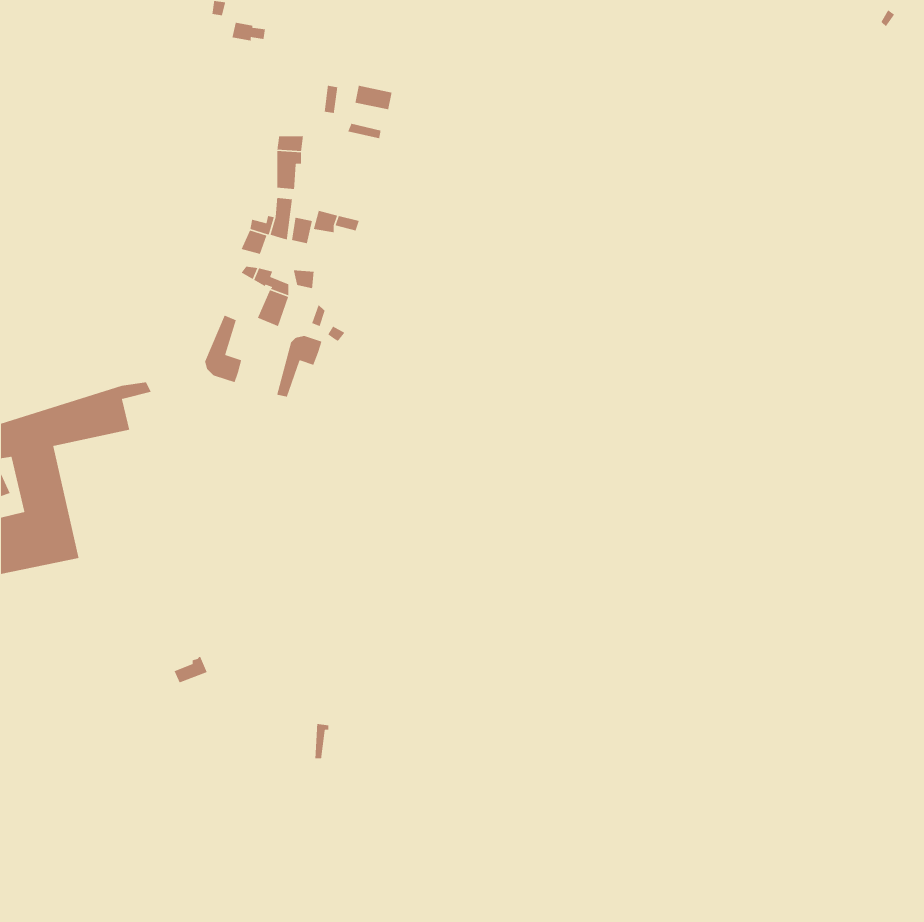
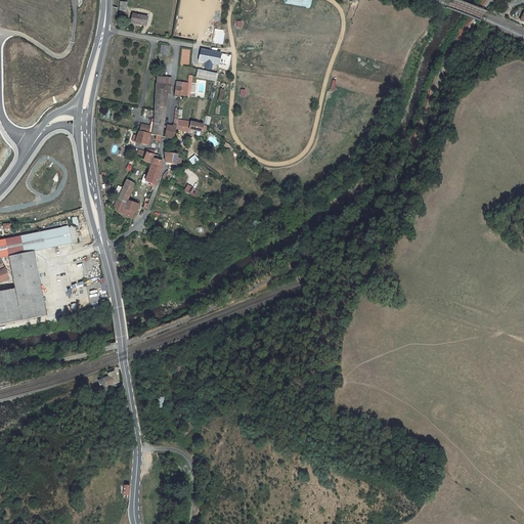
building: [276,335,323,397] -> none

